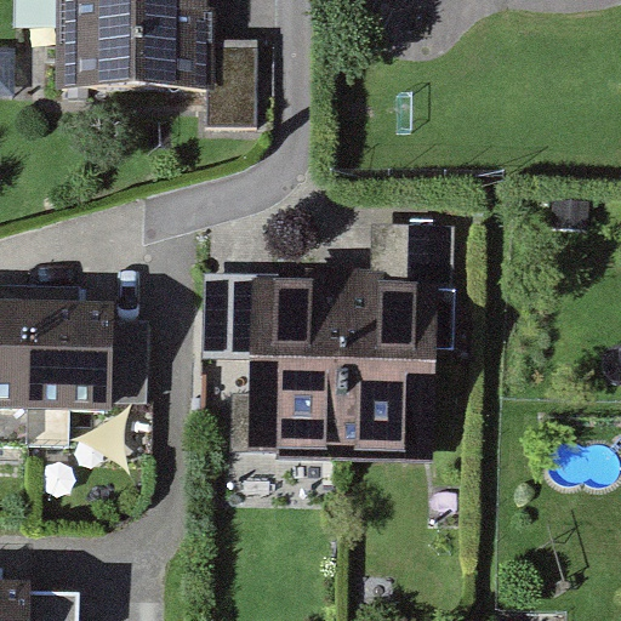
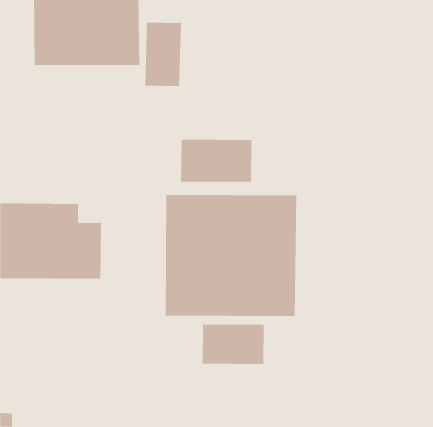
building: none -> [181,139,252,183]
building: none -> [202,324,264,365]

